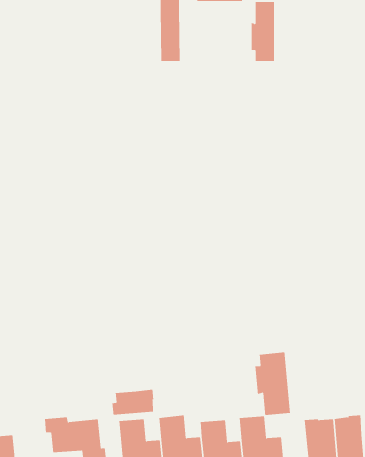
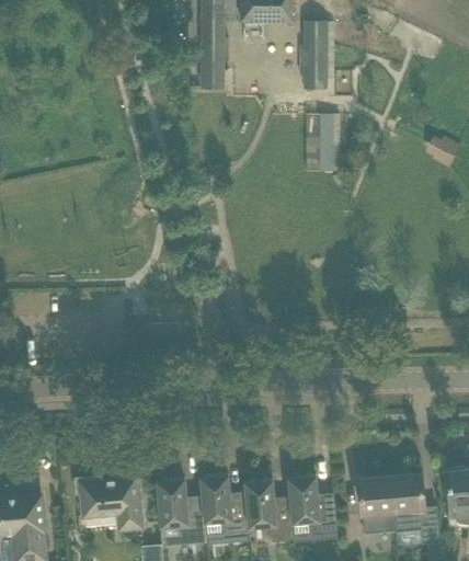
building: none -> [307,112,342,168]
building: [255,352,290,416] -> none
building: [112,389,154,416] -> none

